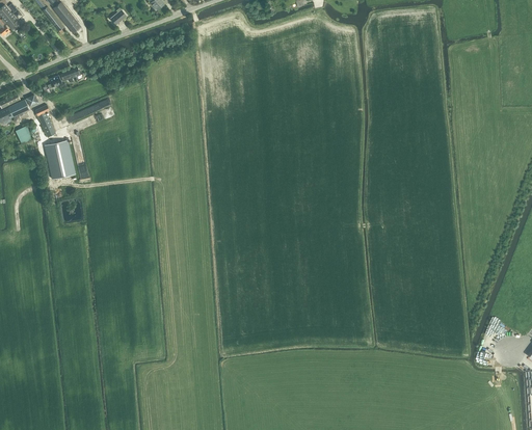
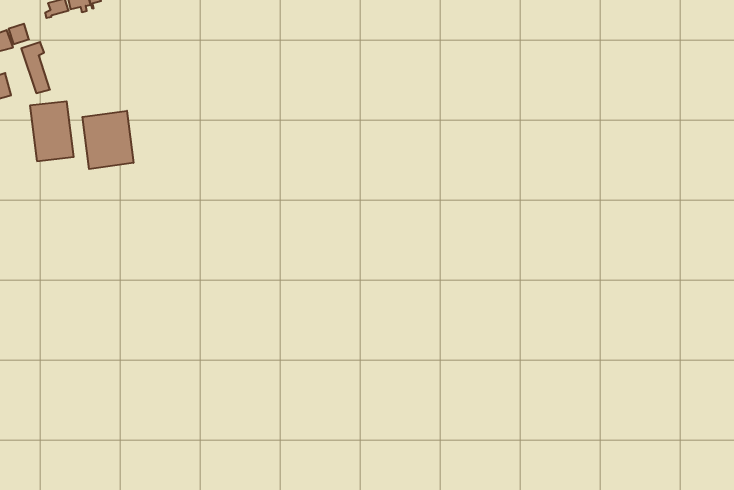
building: none -> [82,111,133,169]

